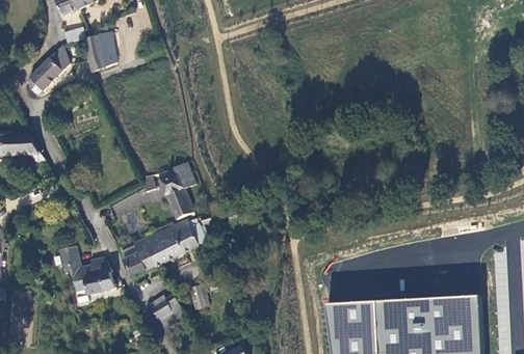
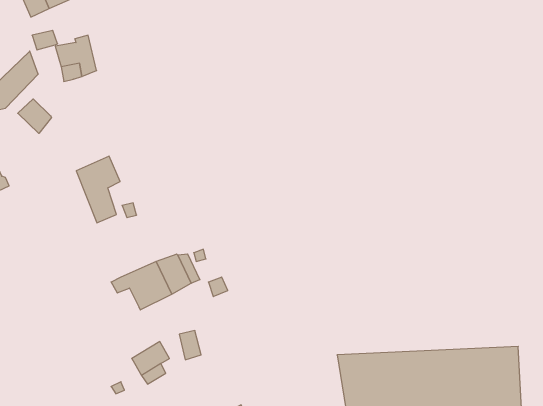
building: none -> [18,99,51,133]
building: [158,161,195,218] -> [76,156,120,223]
building: [121,244,155,276] -> none
building: [56,246,114,302] -> none

